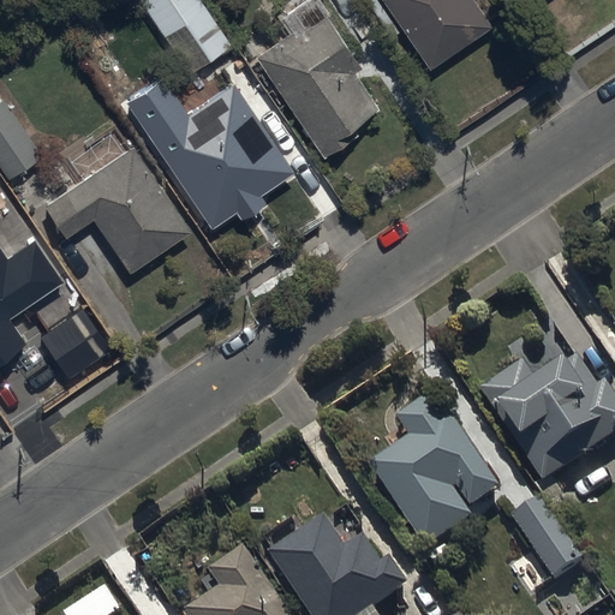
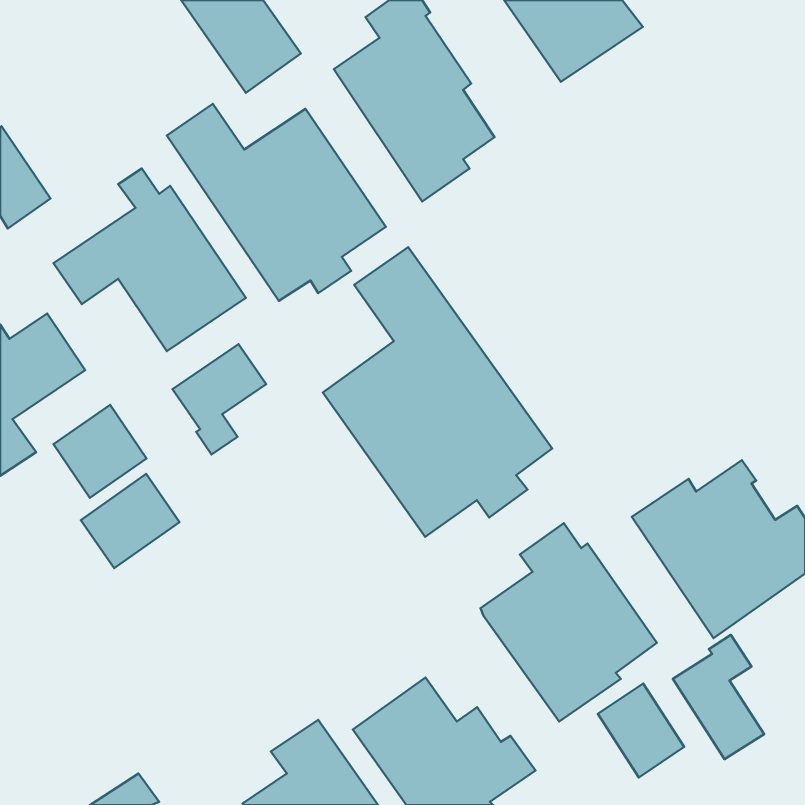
building: none -> [323,247,552,537]
building: none -> [172,344,266,454]
building: none -> [81,474,180,568]
building: none -> [598,684,684,777]

